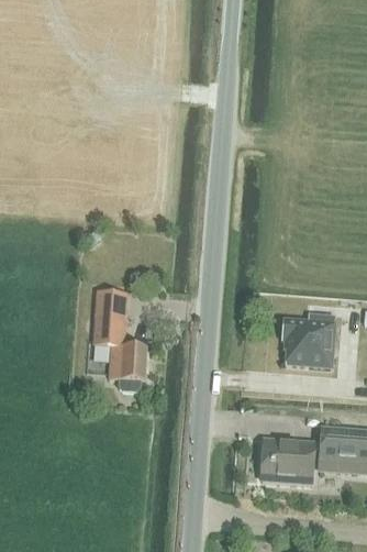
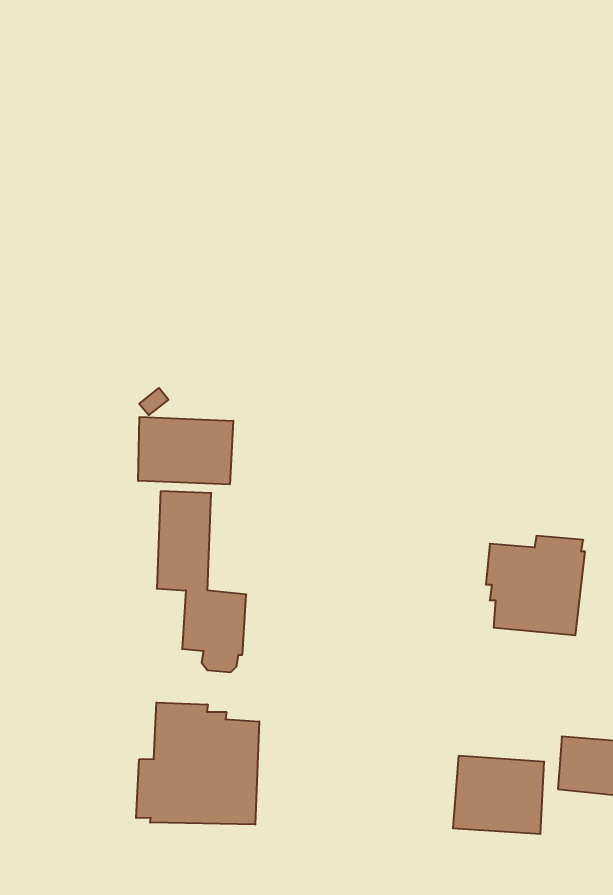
building: none -> [138,417,233,484]
building: none -> [136,702,259,825]

